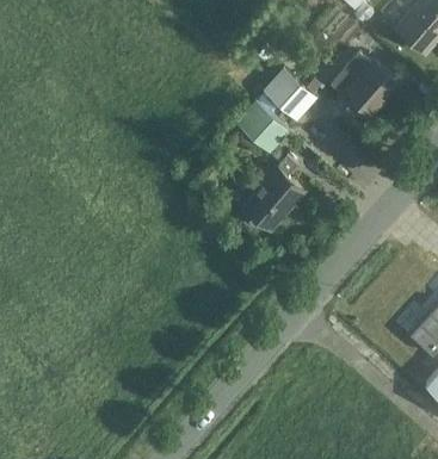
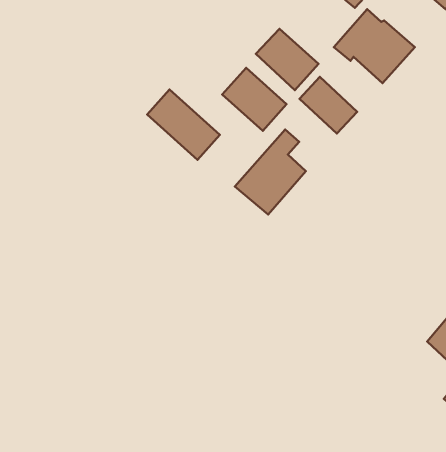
building: none -> [300,77,357,133]
building: none -> [147,90,220,160]

